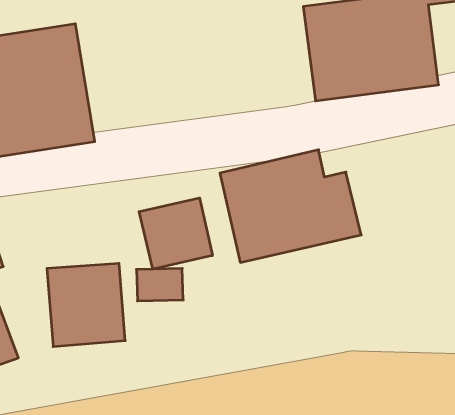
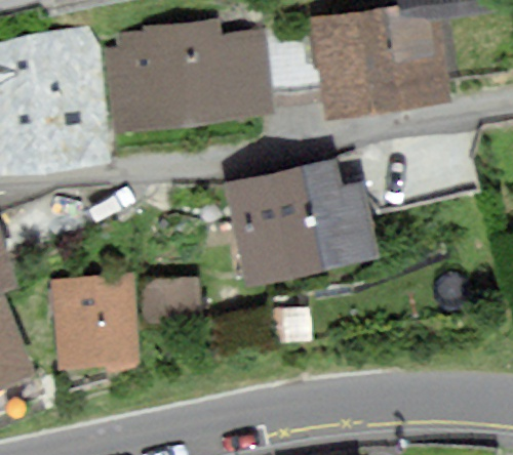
building: none -> [112,25,278,132]
building: [139,198,212,269] -> none

